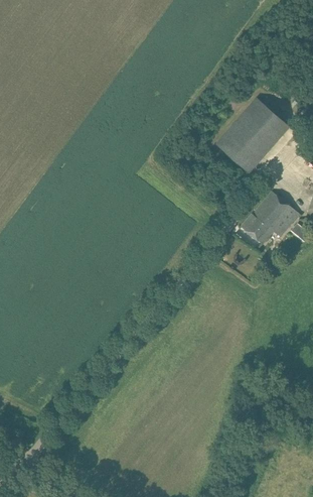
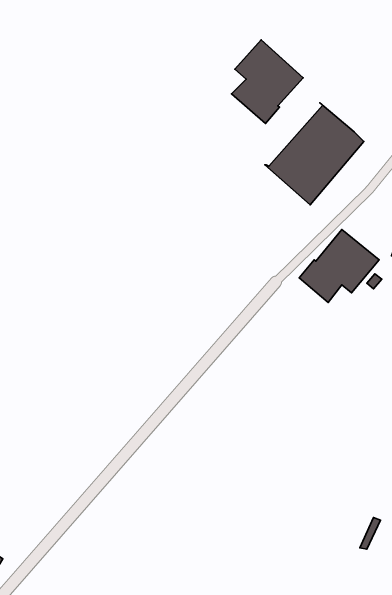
building: none -> [231,40,303,123]

